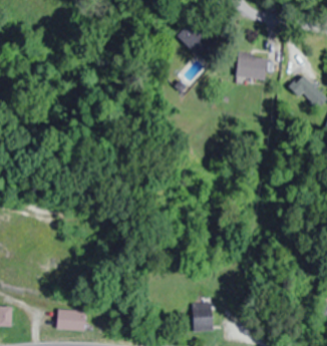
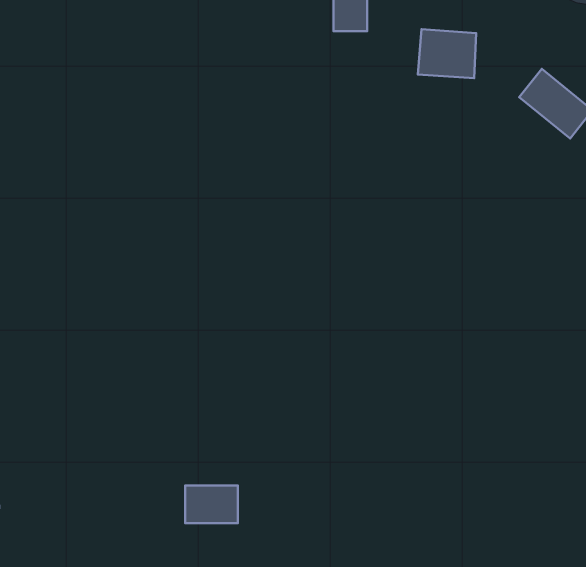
building: [56,310,84,330] -> [185,485,238,523]
building: [192,313,213,331] -> none

